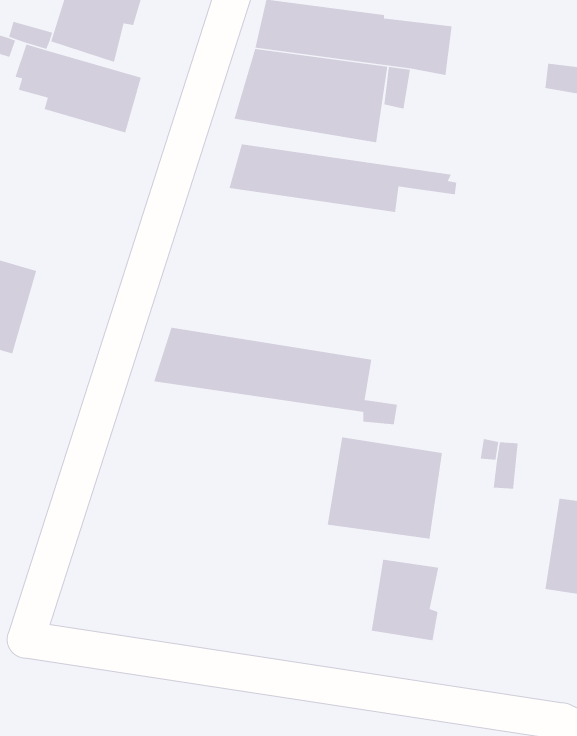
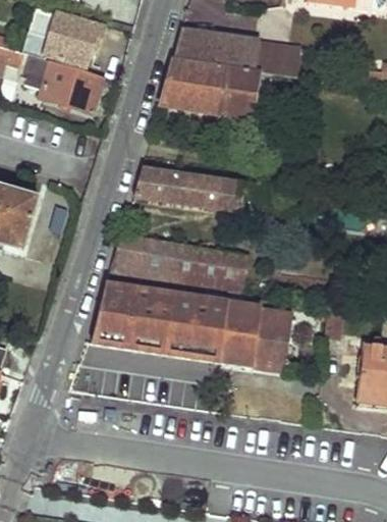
building: [228,144,457,213] -> [135,165,280,209]
building: none -> [91,284,229,360]
building: [371,559,439,641] -> none

